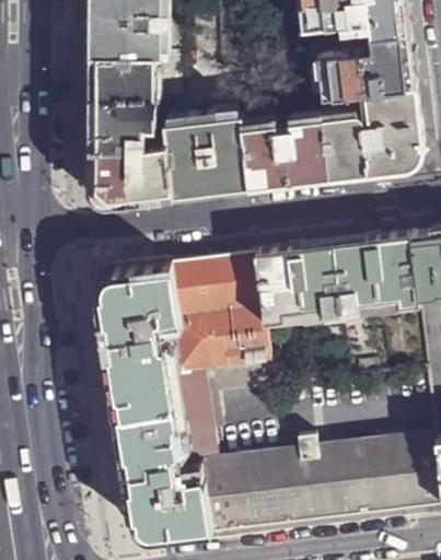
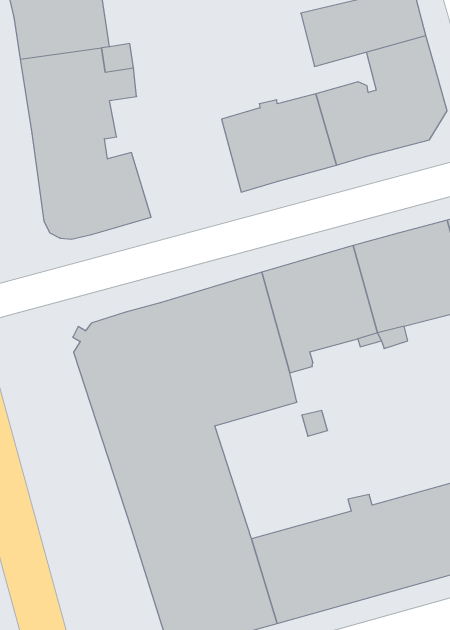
building: [163,116,247,196] -> none

